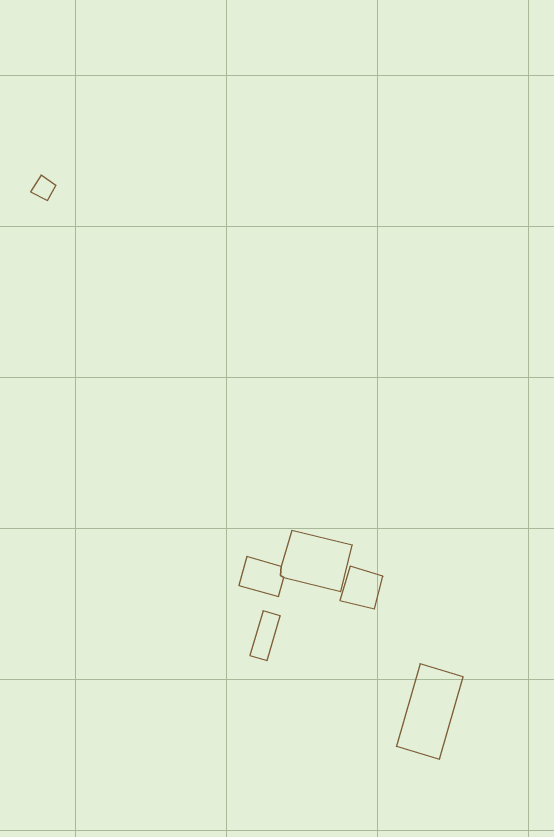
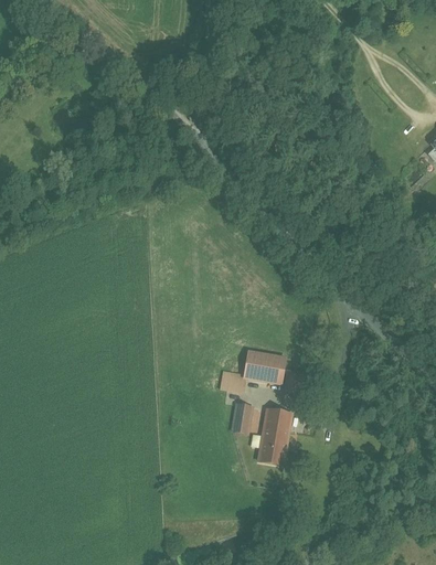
building: [396,664,463,759] -> [256,406,294,465]

